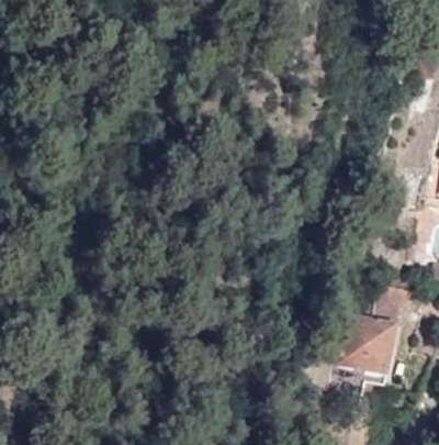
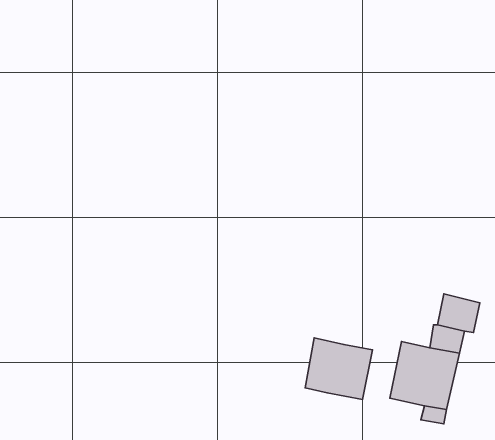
building: none -> [305,338,372,400]

